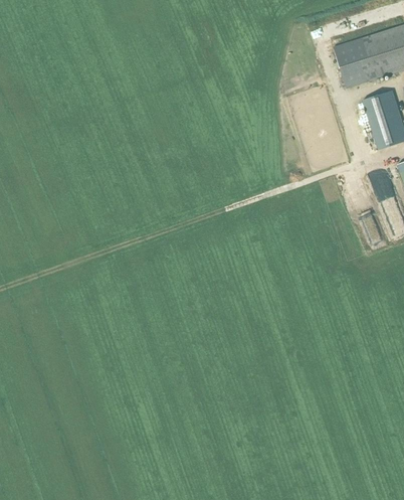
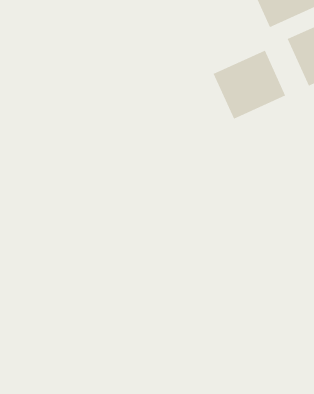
building: none -> [213,50,286,119]

